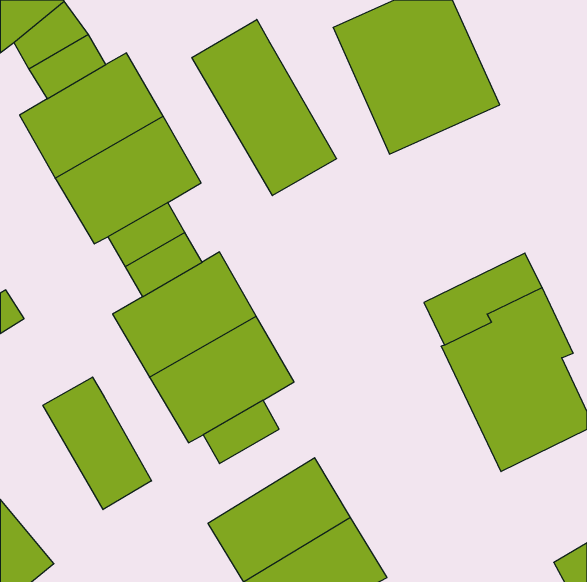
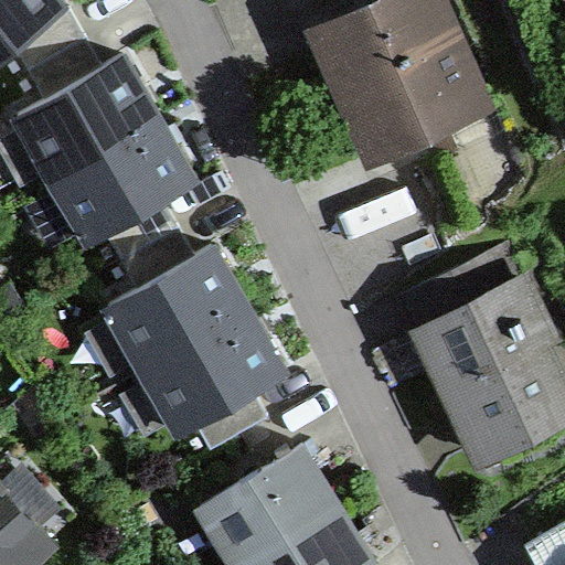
building: [192,19,337,196] -> none
building: [43,377,152,510] -> none

